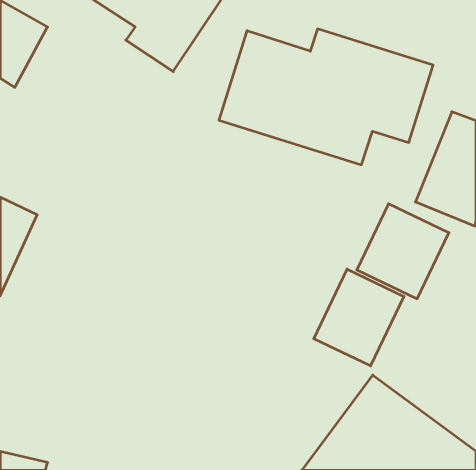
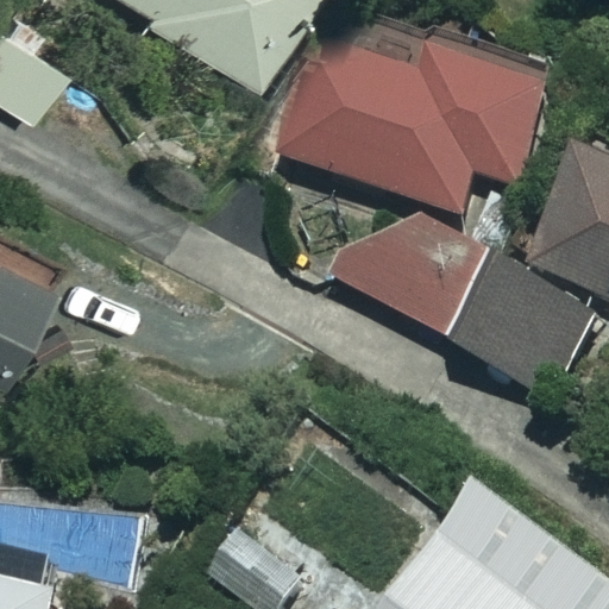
building: none -> [344,207,478,331]
building: [314,269,404,366] -> none

